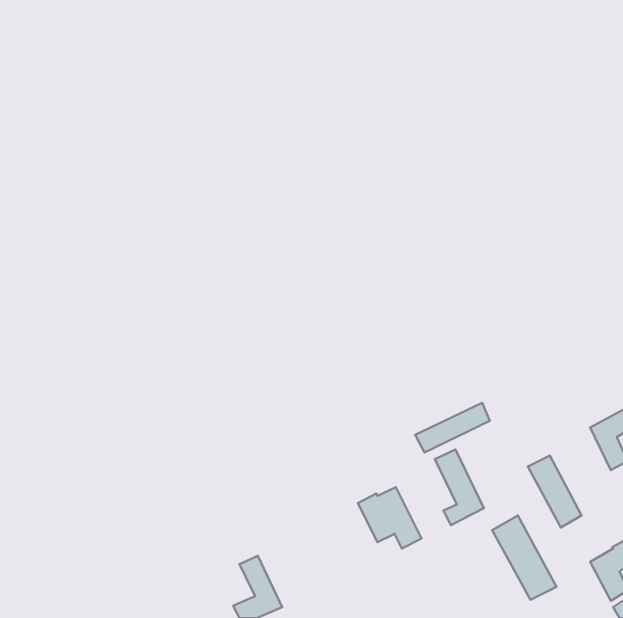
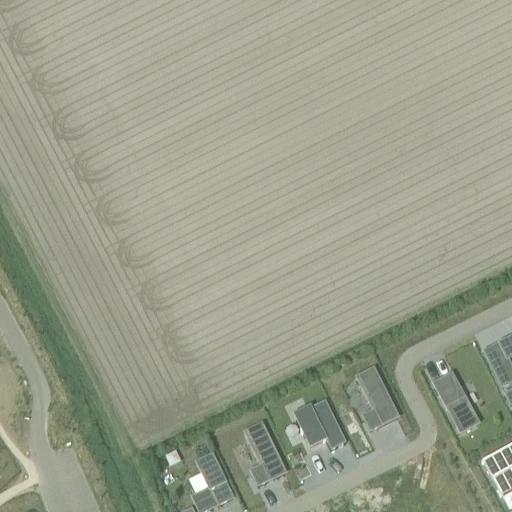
building: [415,403,490,453] -> none
building: [492,515,556,600] -> none
building: none -> [245,423,285,485]

